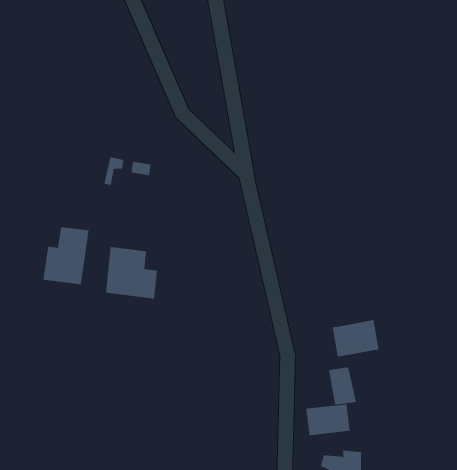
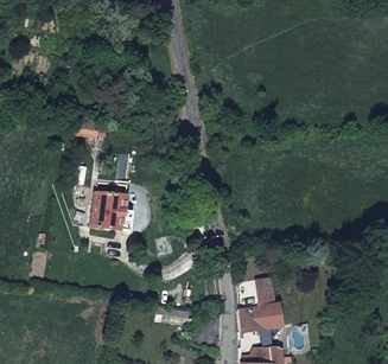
building: [43,226,89,285] -> none
building: [332,319,379,357] -> none

